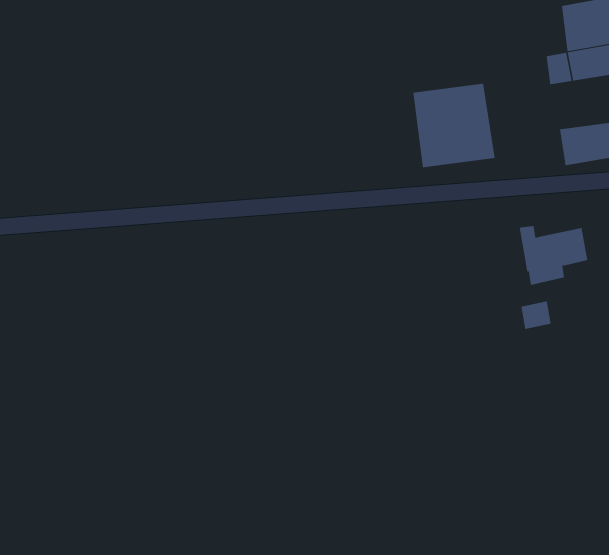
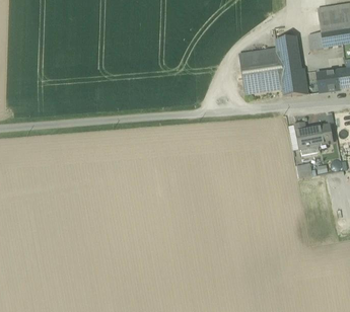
building: none -> [276,35,307,94]

